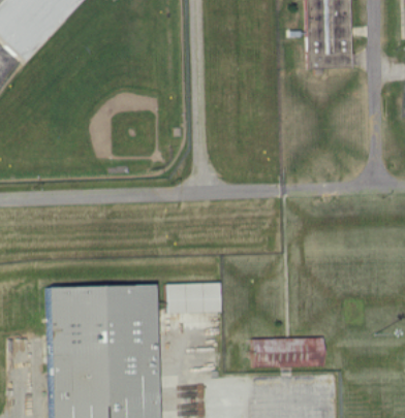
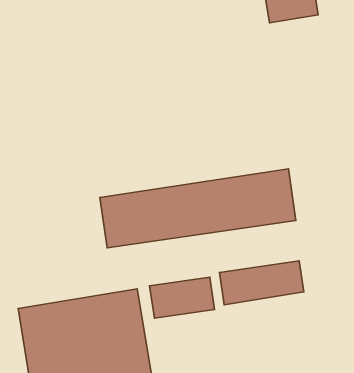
building: none -> [100,169,296,248]
building: [254,339,325,367] -> [219,261,304,305]

